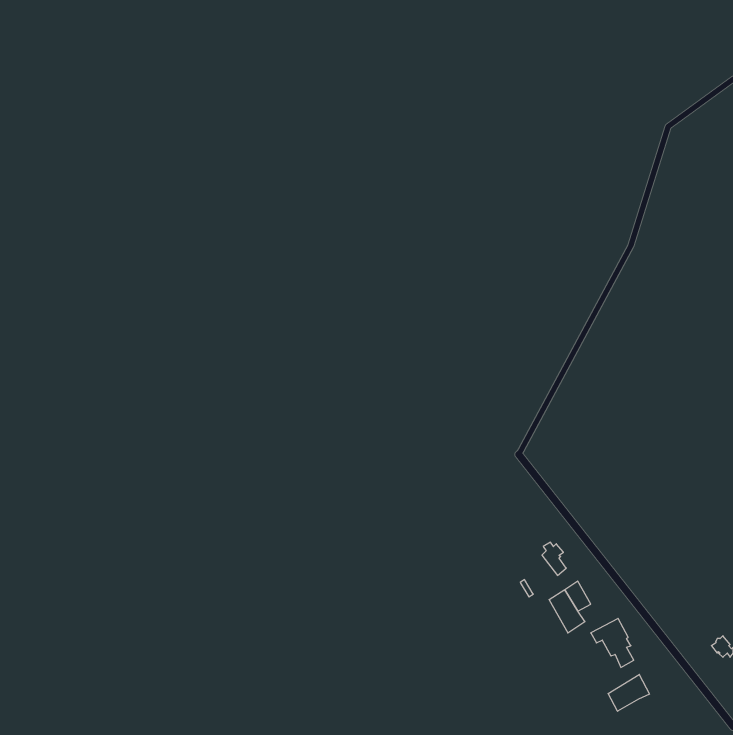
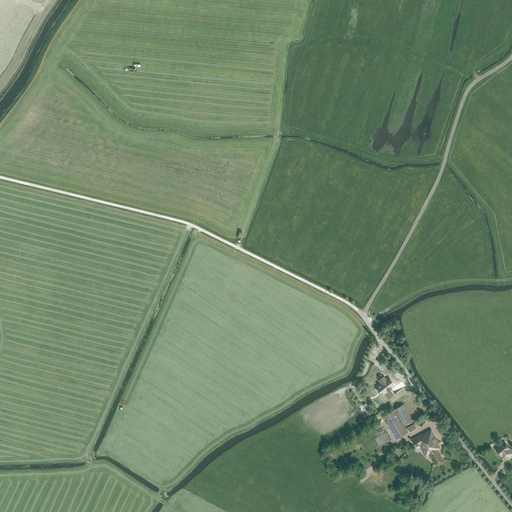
building: [608,674,649,711] -> none

